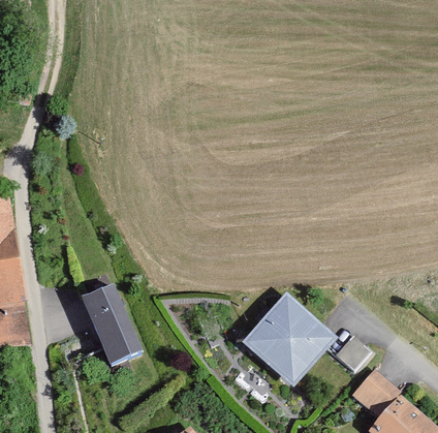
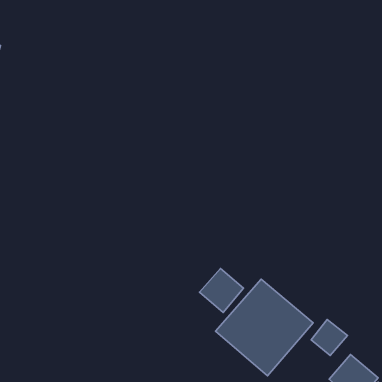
building: none -> [199,268,243,313]
building: [81,284,142,364] -> none

